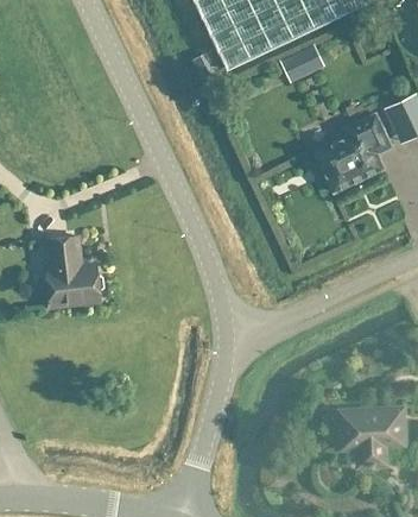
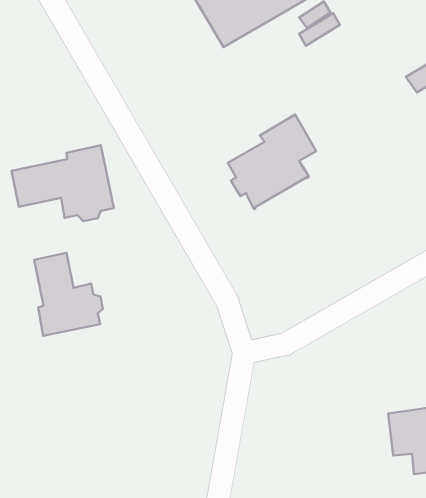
building: [314,115,391,194] -> [228,115,316,209]
building: none -> [11,145,114,221]

